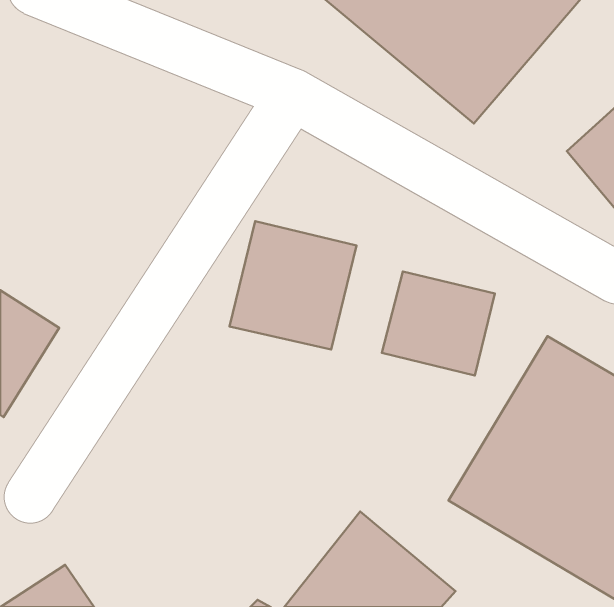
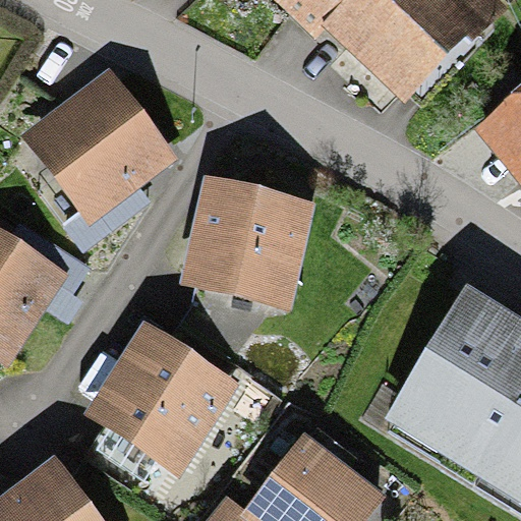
building: none -> [44,84,167,206]
building: [382,272,495,375] -> none
building: none -> [108,337,222,453]

